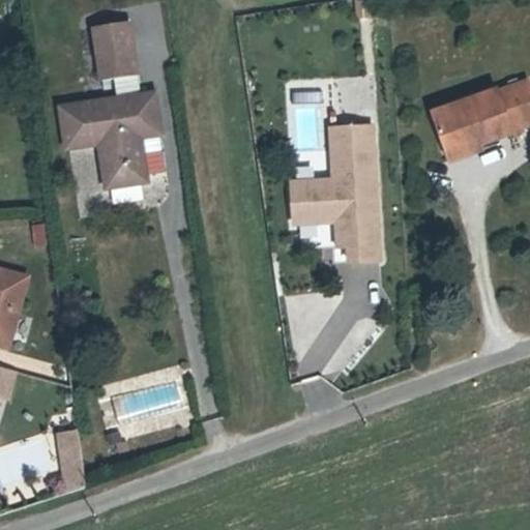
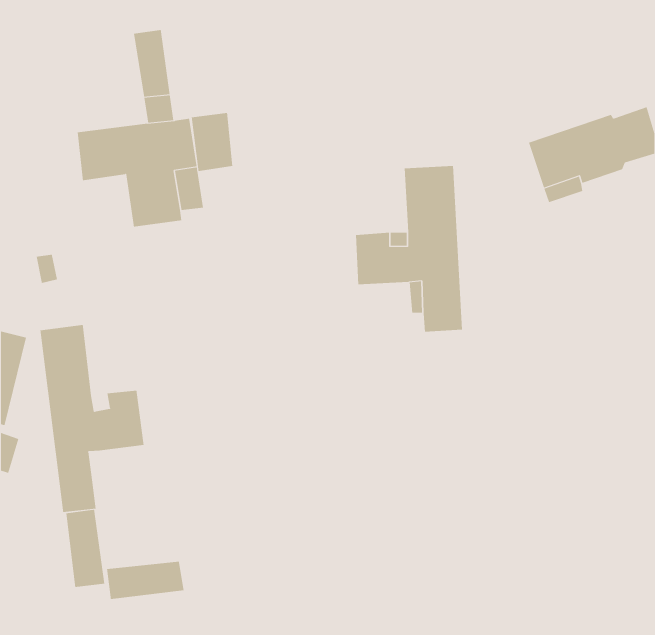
building: none -> [191,112,233,172]
building: none -> [40,324,144,513]
building: none -> [107,561,184,600]

